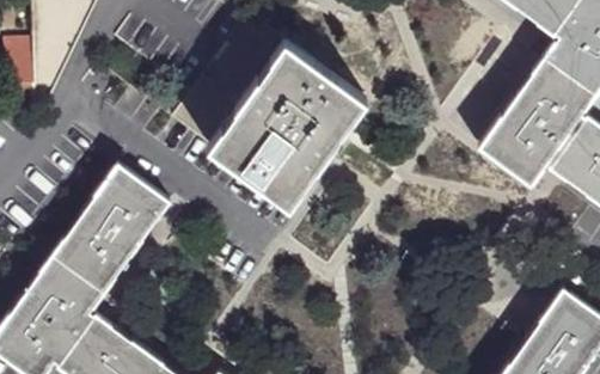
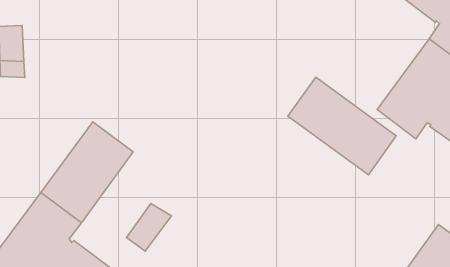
building: [210,41,366,203] -> none
building: none -> [288,77,396,175]
building: none -> [126,204,172,251]

